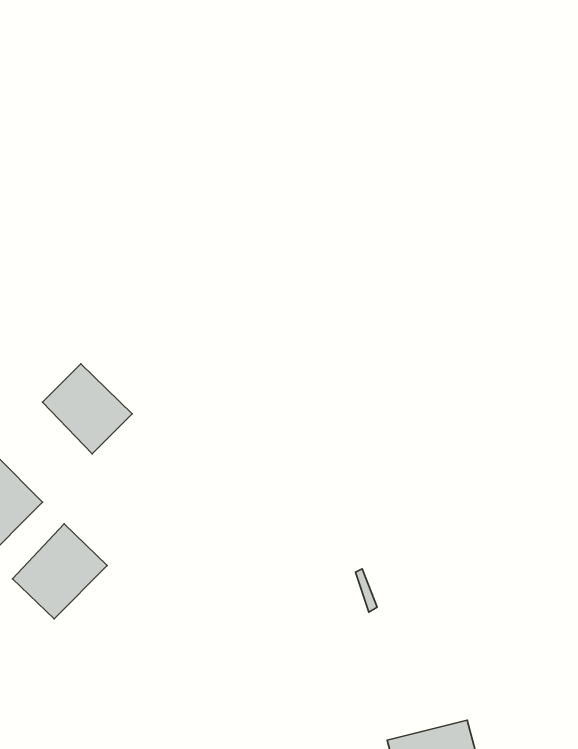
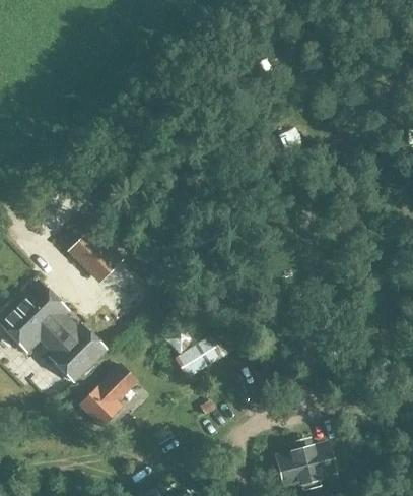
building: none -> [175,335,221,378]
building: none -> [79,364,137,427]

